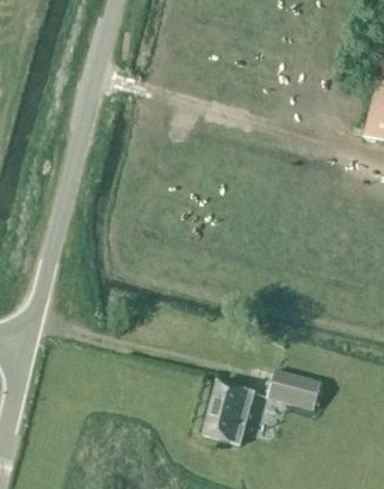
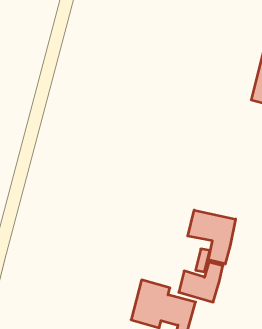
building: none -> [188,210,236,264]

